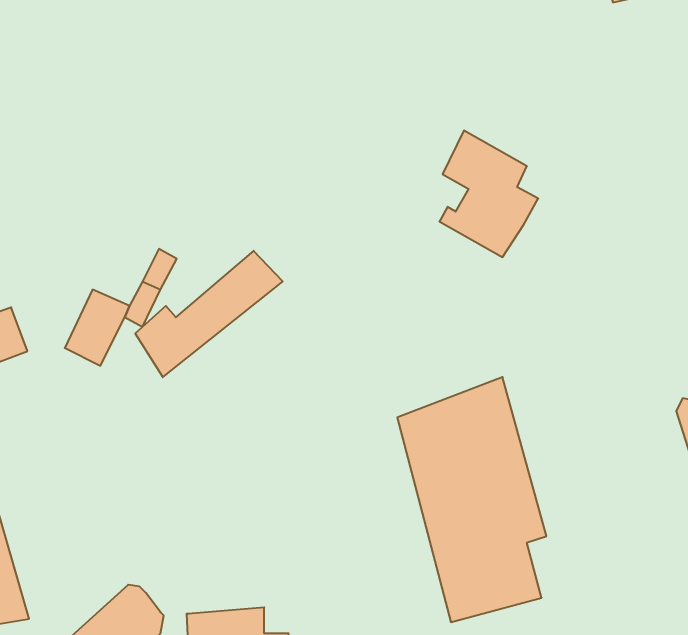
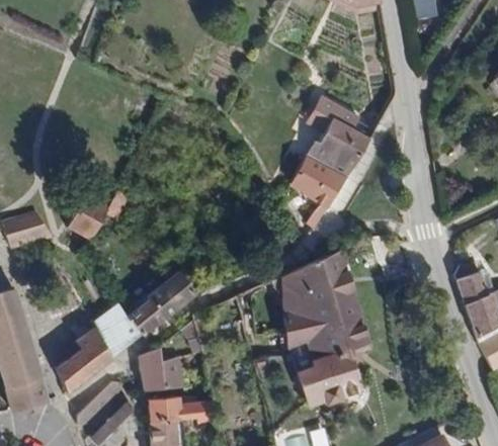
building: none -> [287,155,345,229]
building: [135,251,283,377] -> [100,274,192,353]
building: none -> [59,339,111,392]
building: none -> [137,344,182,389]

